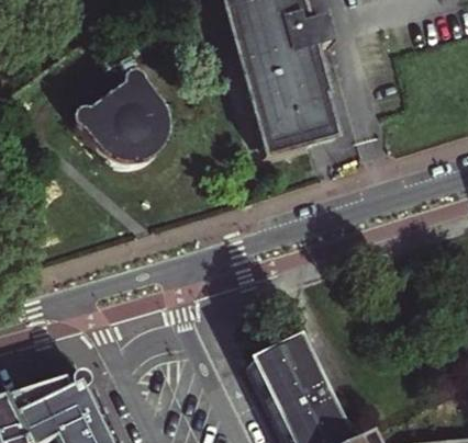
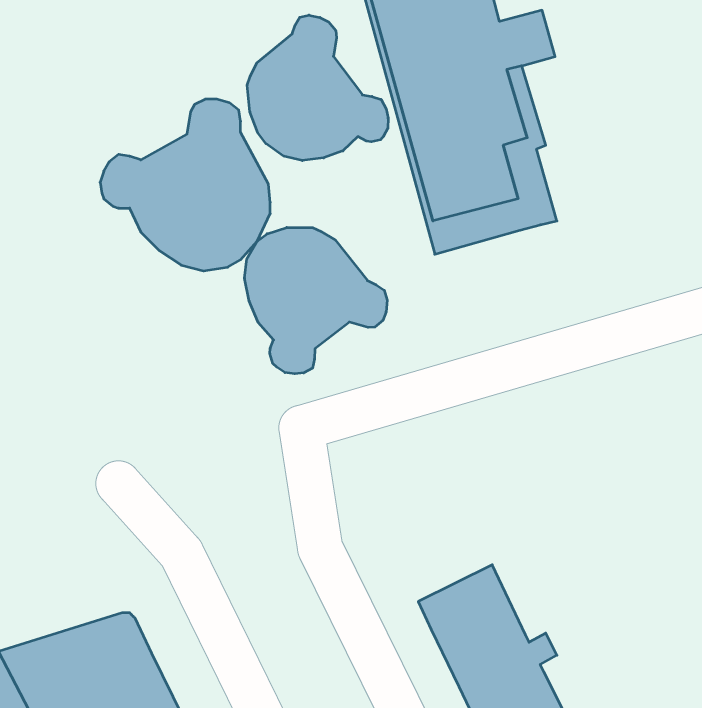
building: none -> [247,15,388,161]
building: none -> [245,227,387,374]

